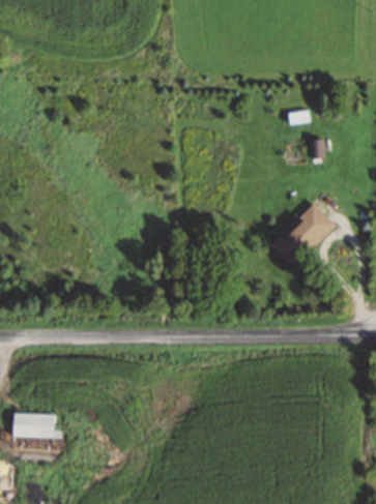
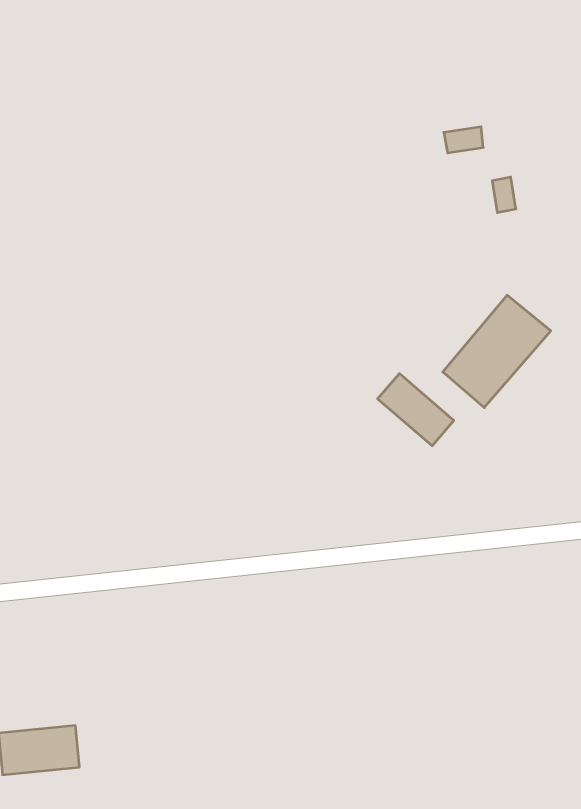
building: none -> [378,374,454,446]

